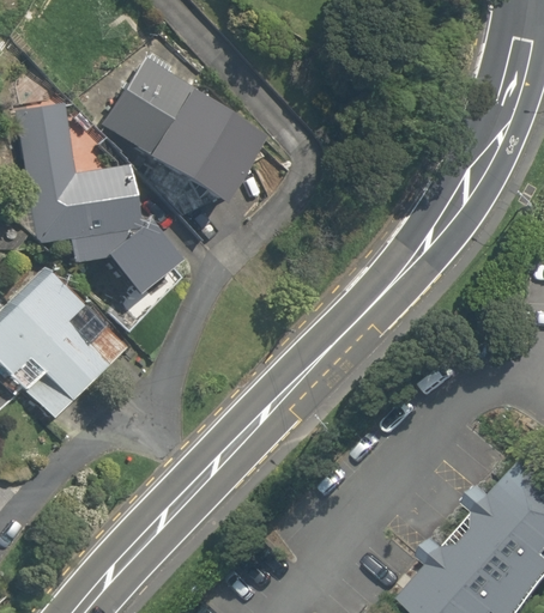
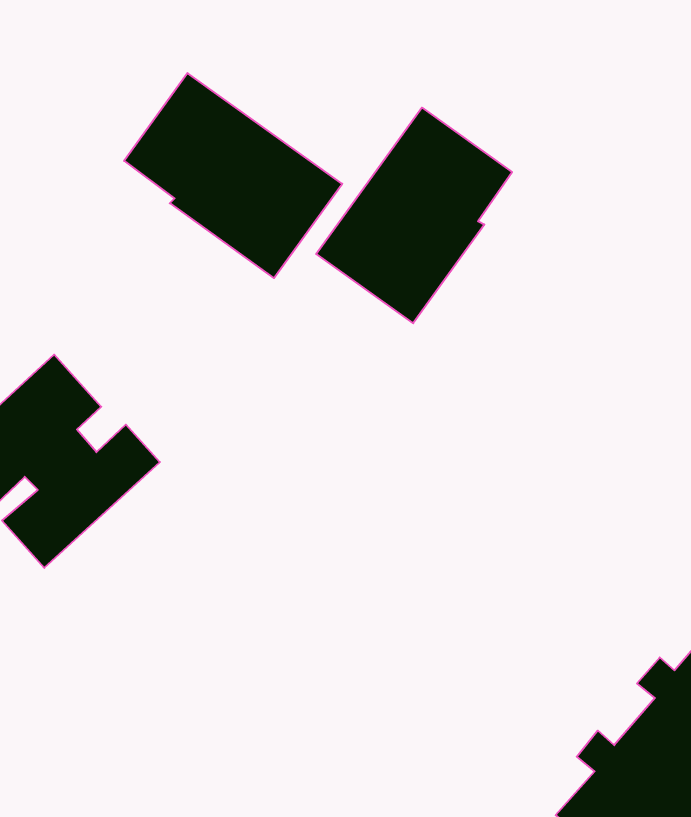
building: none -> [316,108,512,323]
building: [24,99,176,303] -> none

